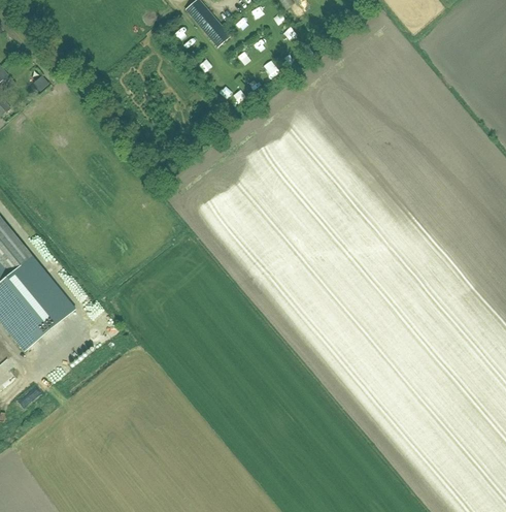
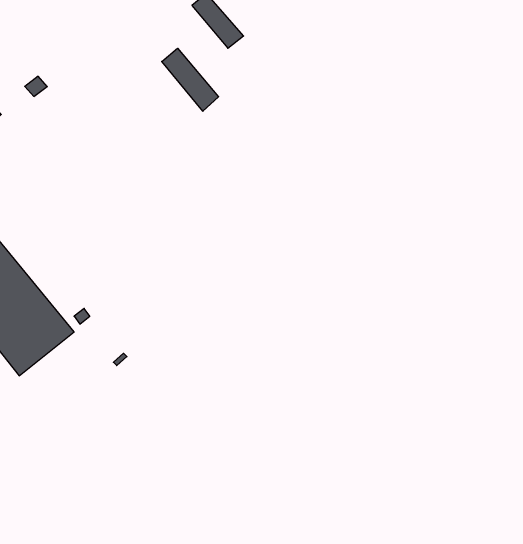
building: none -> [162,48,219,111]

